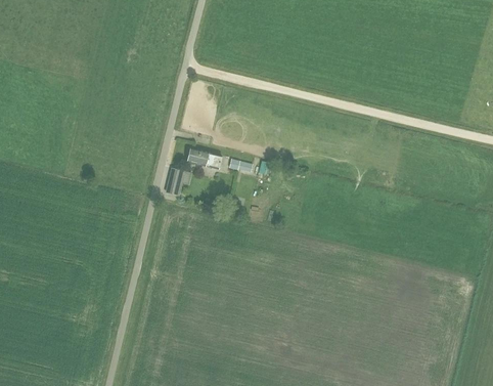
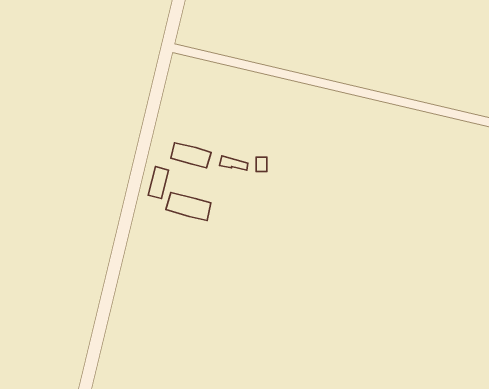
building: none -> [166,192,211,221]

